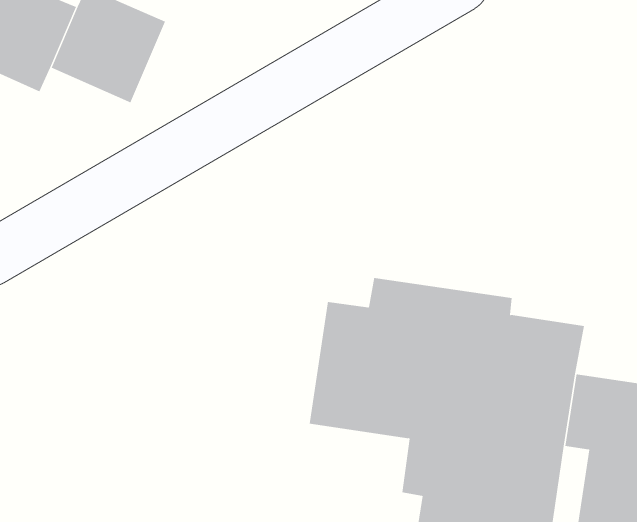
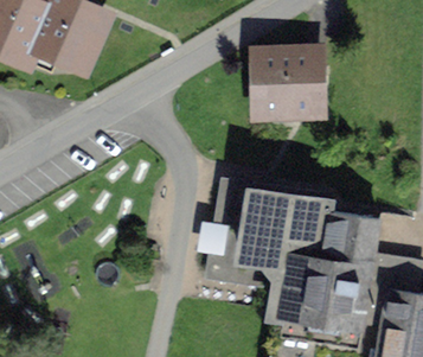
building: none -> [249,50,327,119]

